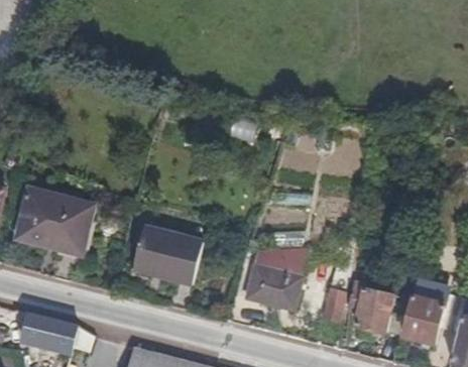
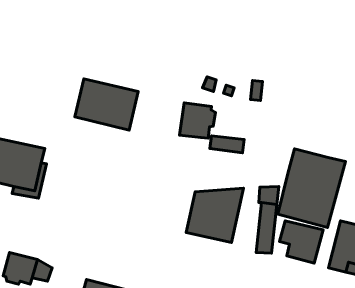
building: none -> [180,103,216,138]
building: none -> [278,149,346,227]
building: [131,227,202,284] -> [75,79,138,130]

